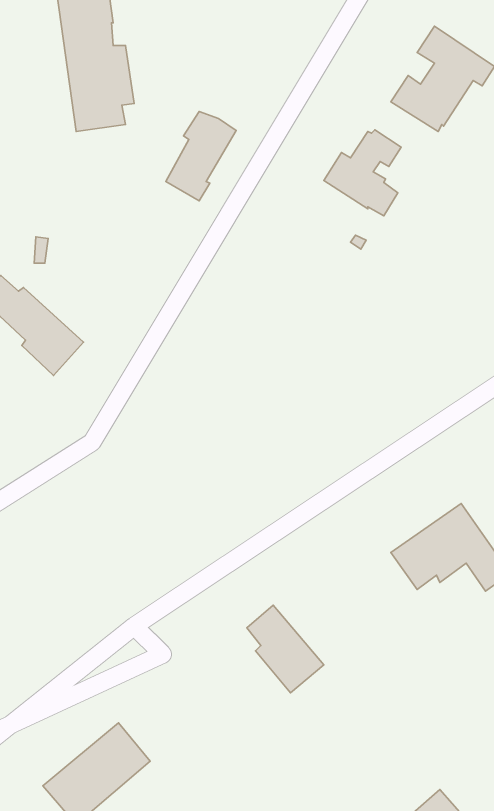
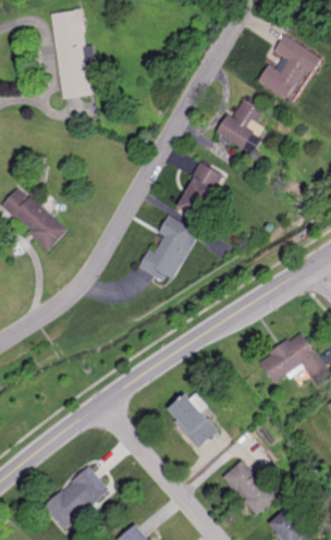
building: [166,111,236,201] -> [181,162,224,218]
building: none -> [140,214,195,281]
building: none -> [223,461,274,515]

